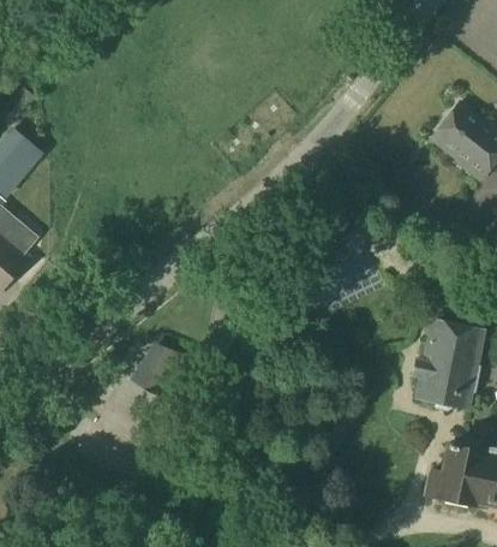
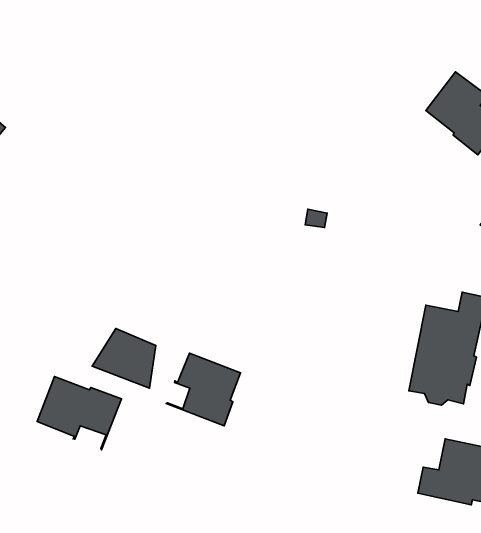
building: none -> [166,353,241,426]
building: none -> [37,377,121,450]

